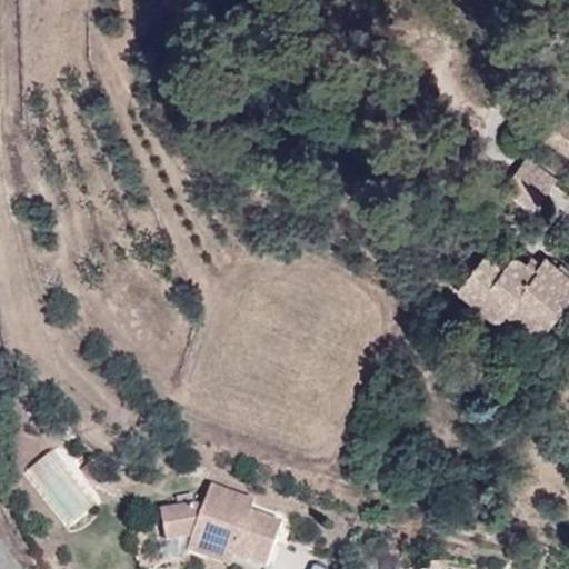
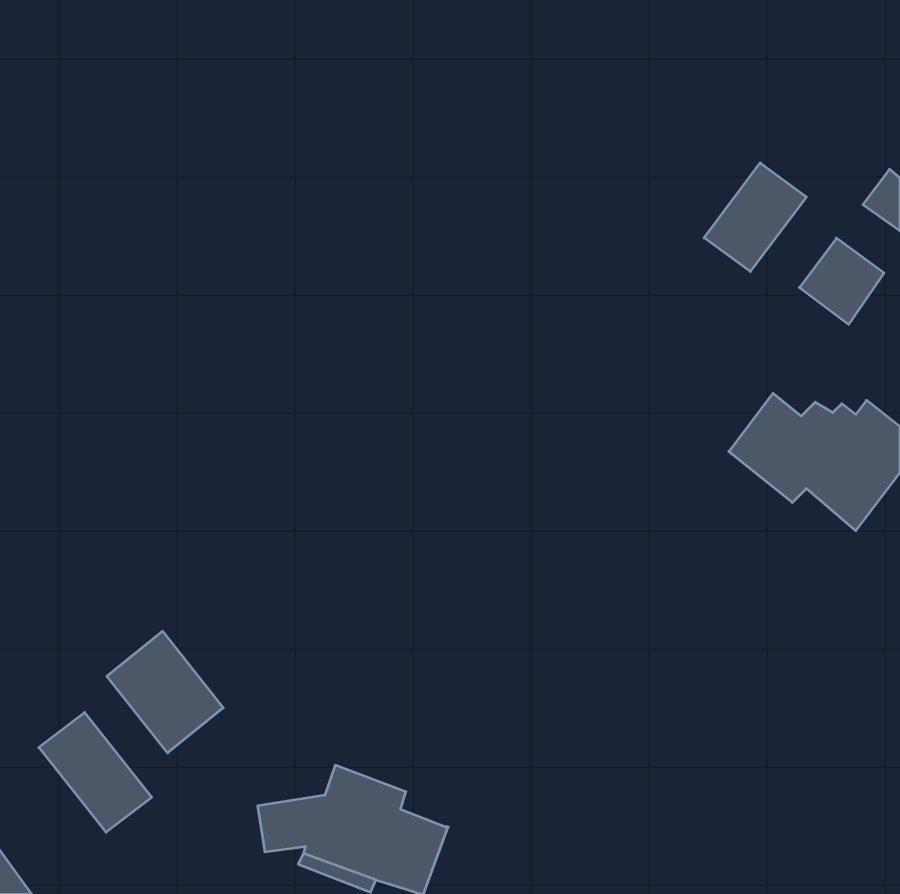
building: none -> [704,163,806,272]
building: none -> [107,631,223,753]

